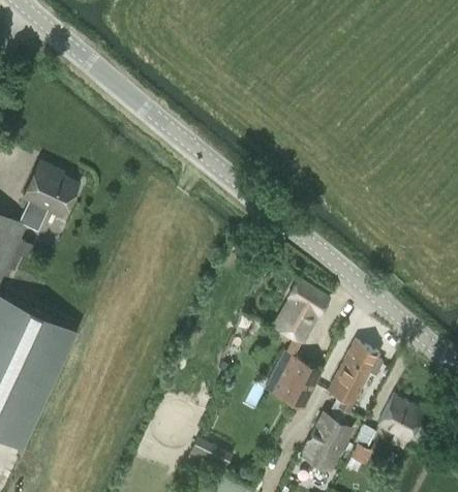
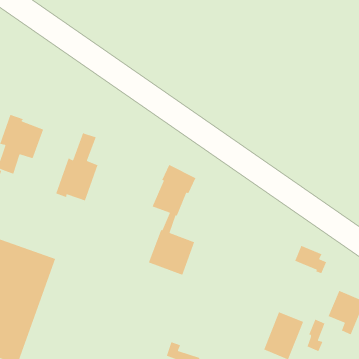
building: none -> [55,132,99,201]
building: [264,282,328,410] -> [148,164,196,276]
building: [328,361,369,414] -> none

